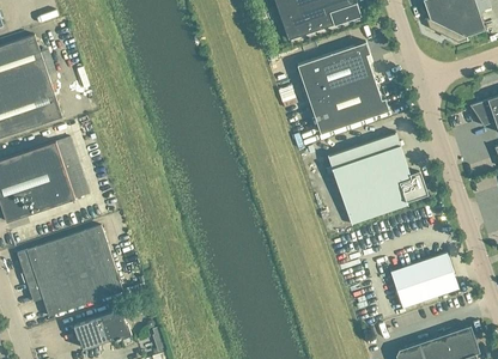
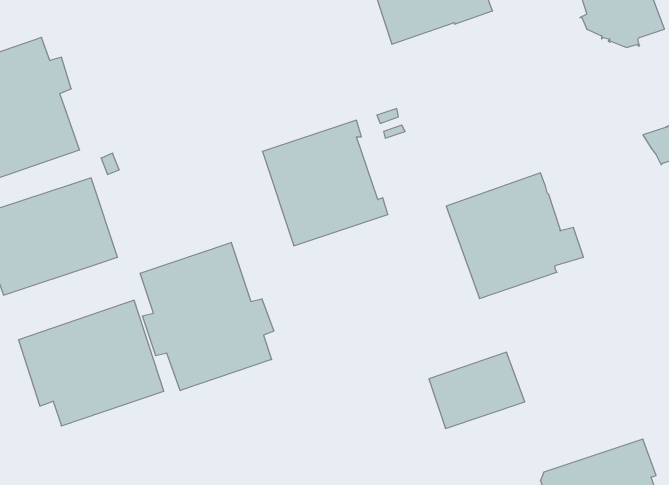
building: [297,42,388,133] -> [262,120,388,246]
building: none -> [140,242,274,391]
building: [389,252,458,308] -> [429,352,525,428]
building: [73,308,130,348] -> none

